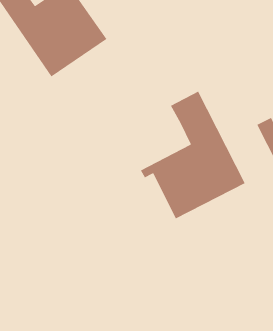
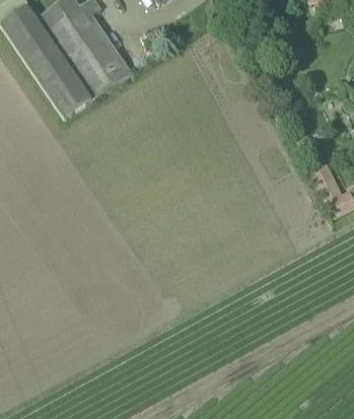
building: [140,91,246,220] -> none

